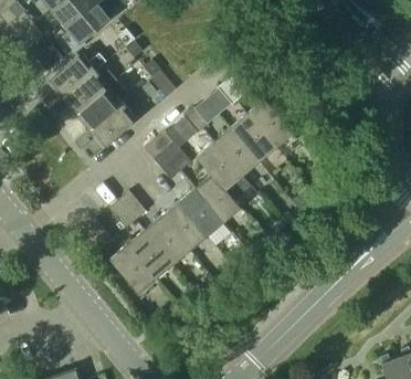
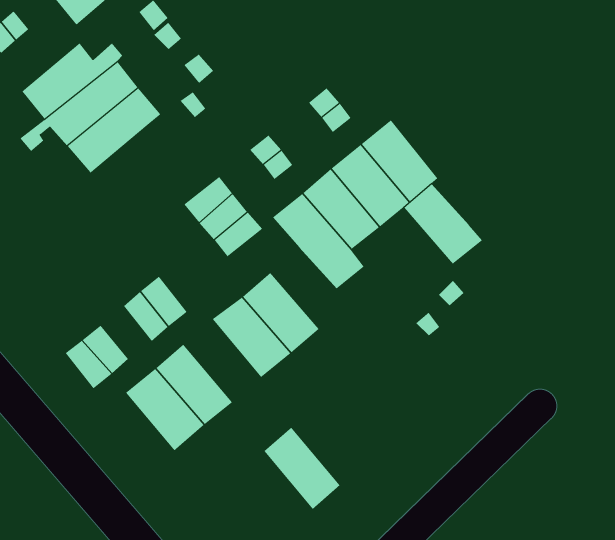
building: [74,103,136,150] -> none
building: [194,175,241,222] -> [404,184,483,265]
building: [144,217,189,265] -> [263,427,341,510]

